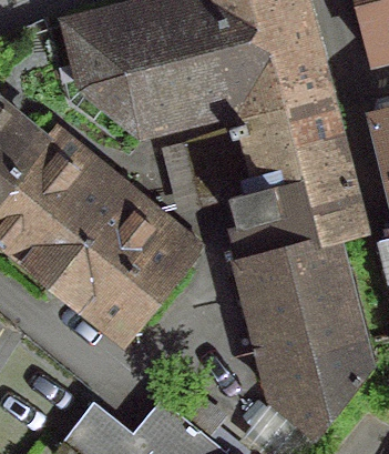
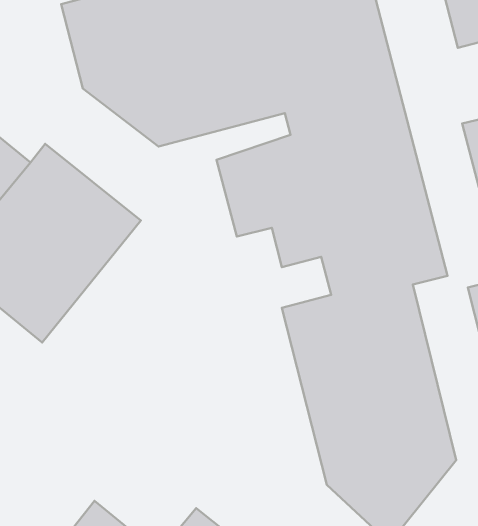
building: [52,189,201,341] -> none

